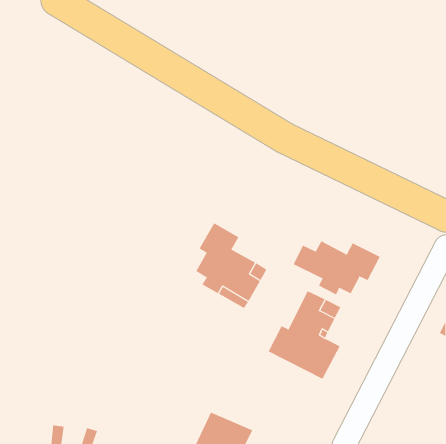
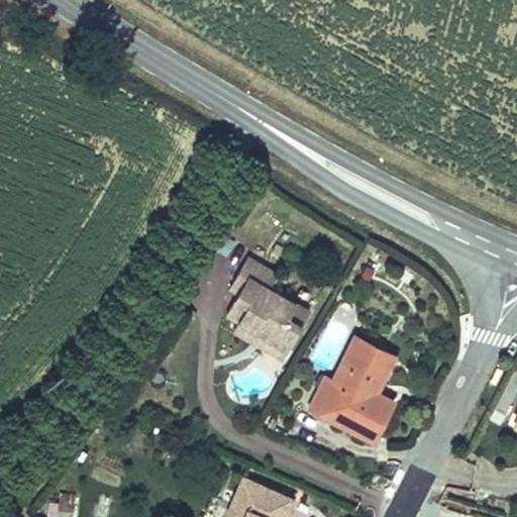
building: [293,241,380,295] -> none

